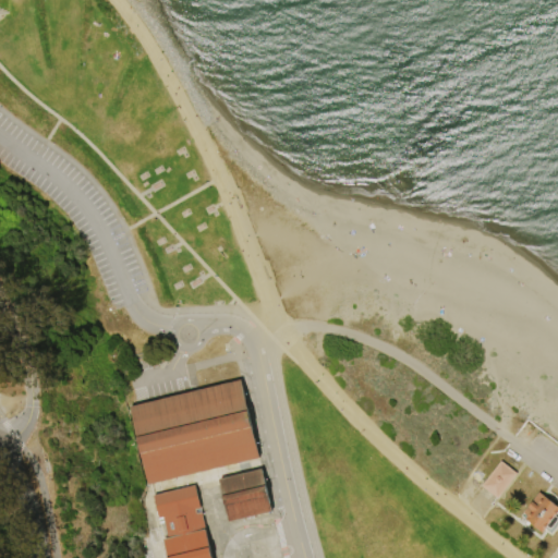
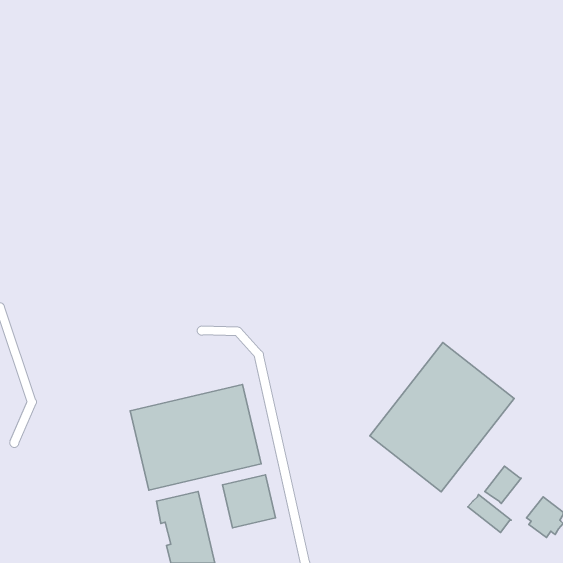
building: none -> [370,343,514,492]
building: none -> [468,495,511,532]

